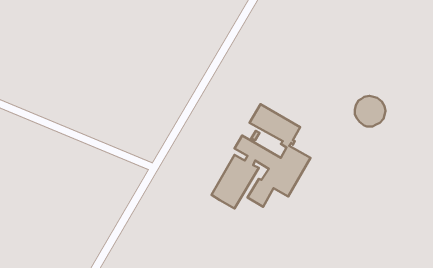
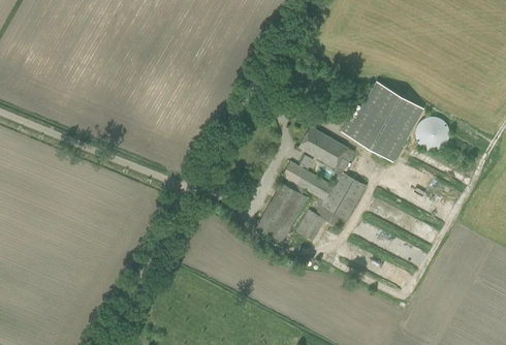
building: none -> [341,82,424,162]

